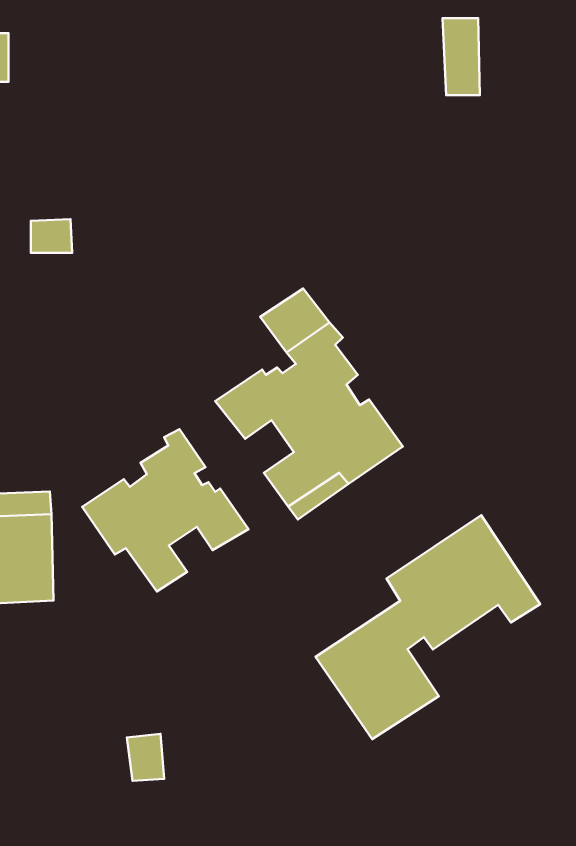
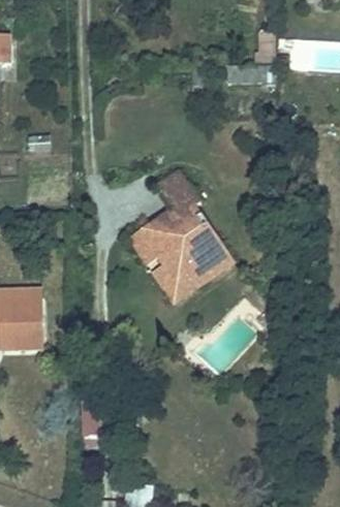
building: [82,429,248,592] -> none
building: [315,515,540,739] -> none

